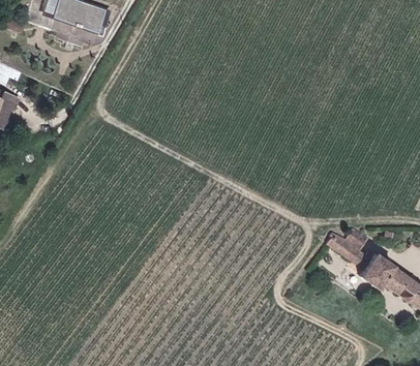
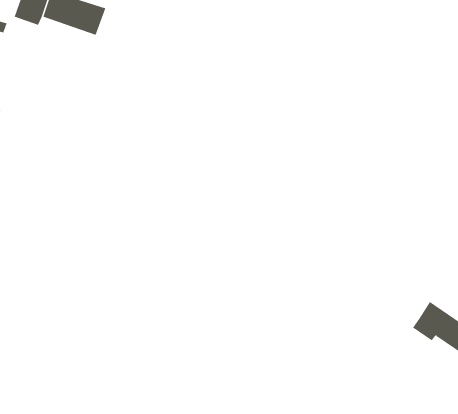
building: [327,225,373,268] -> none

